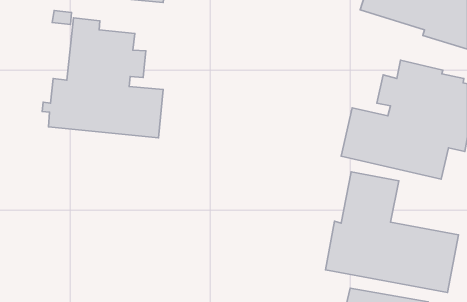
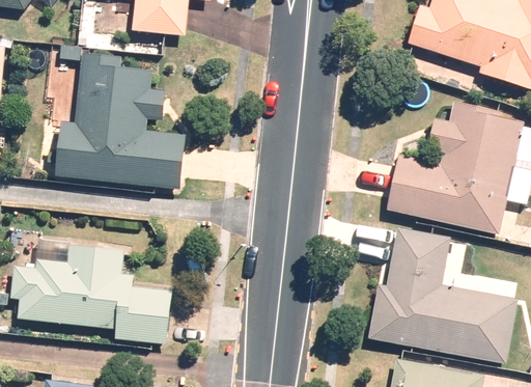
building: none -> [10,238,172,344]

